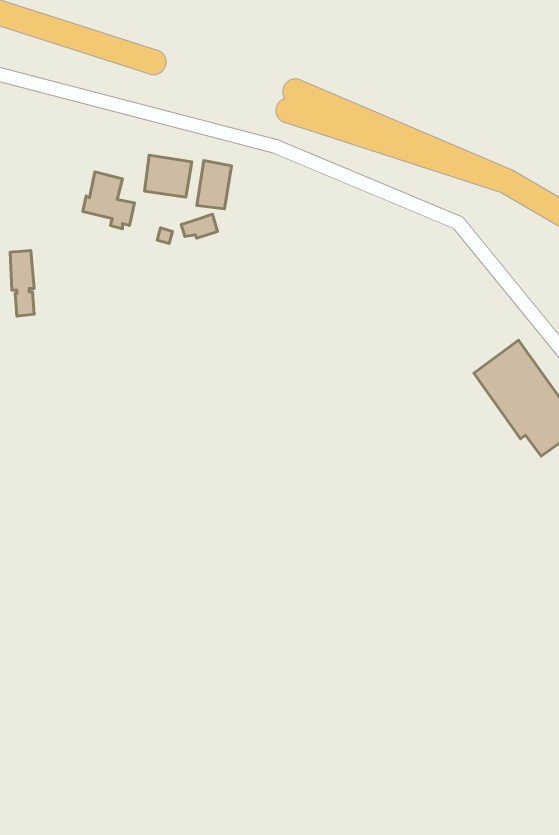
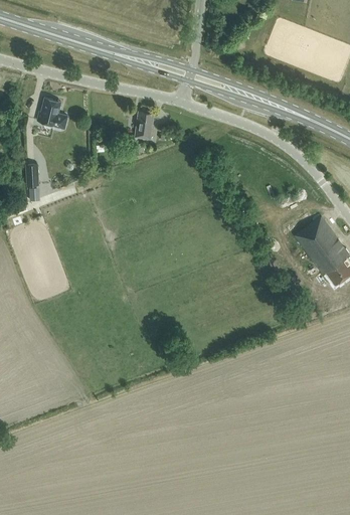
building: [145,155,192,197] -> none
building: [83,172,135,229] -> [37,98,67,131]

